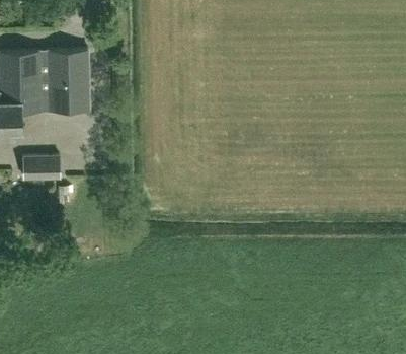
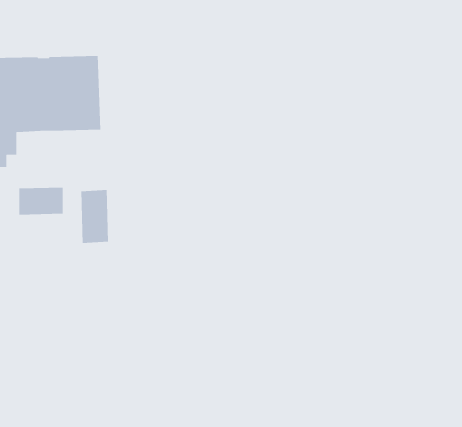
building: none -> [80,189,109,244]

